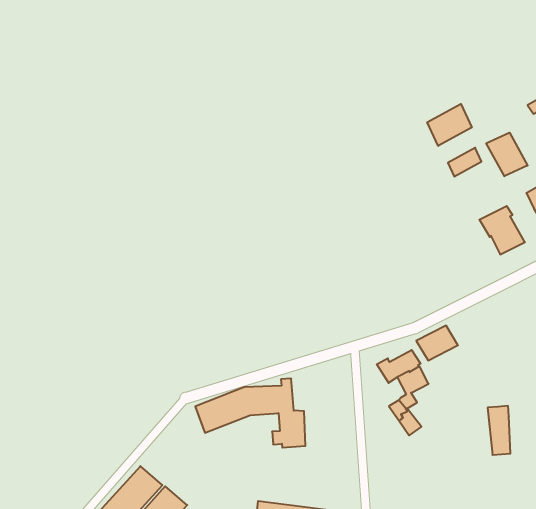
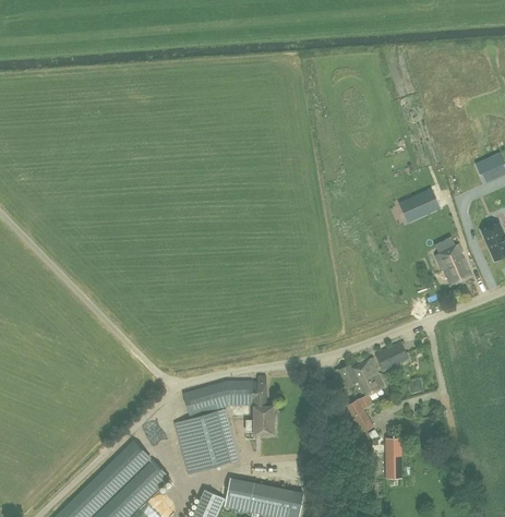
building: [427,104,472,146] -> none
building: [486,133,528,176] -> none
building: [488,406,510,455] -> [385,437,402,478]
building: none -> [173,408,242,474]

